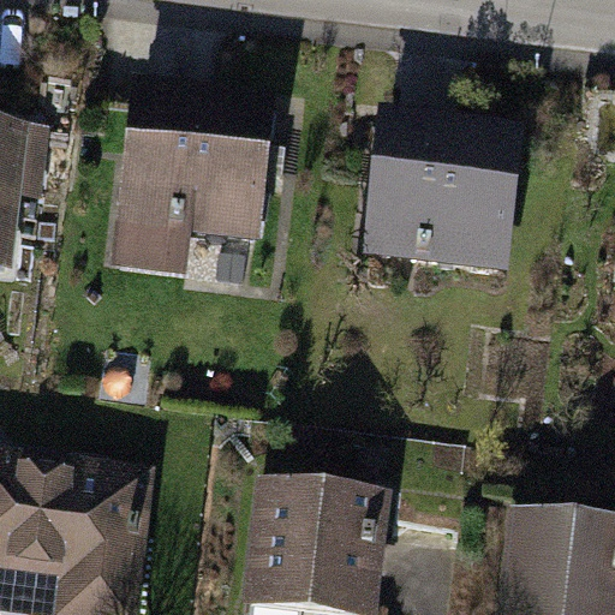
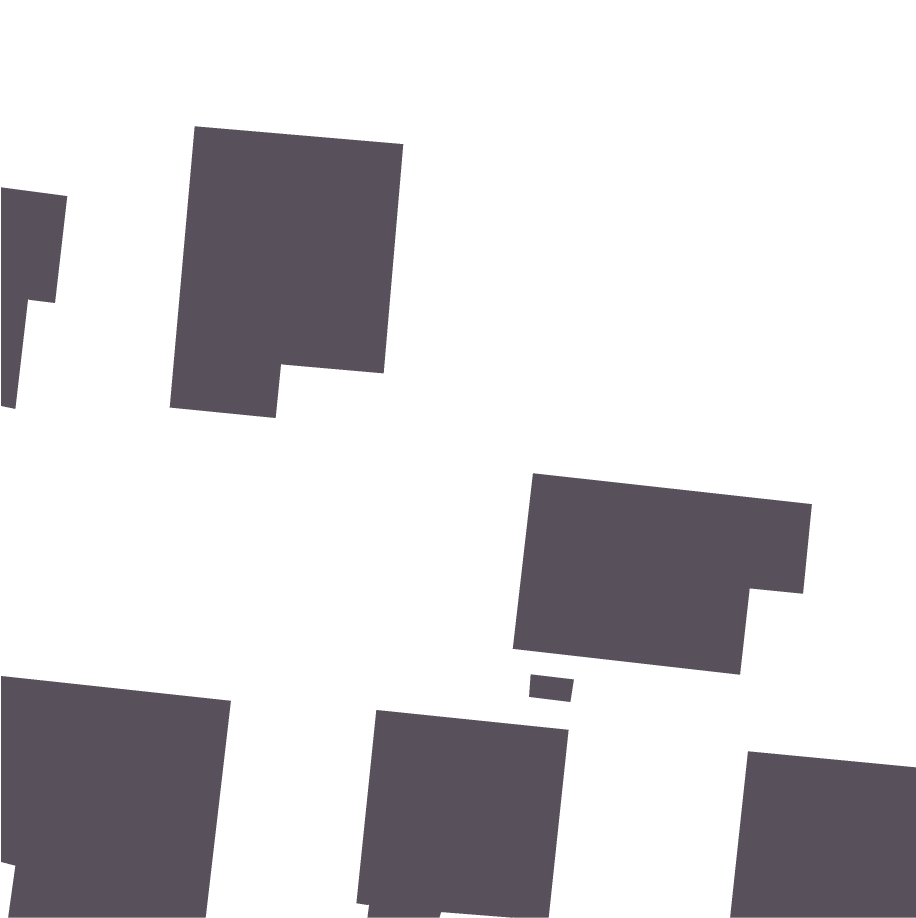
building: [354,108,521,273] -> none
building: none -> [512,472,812,676]

